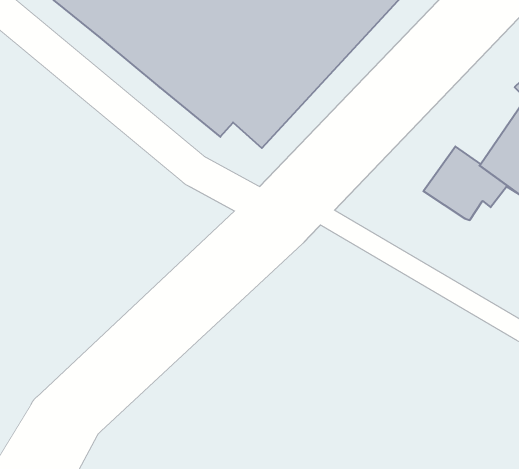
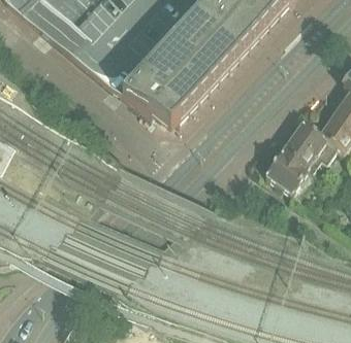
building: none -> [267,147,316,193]

